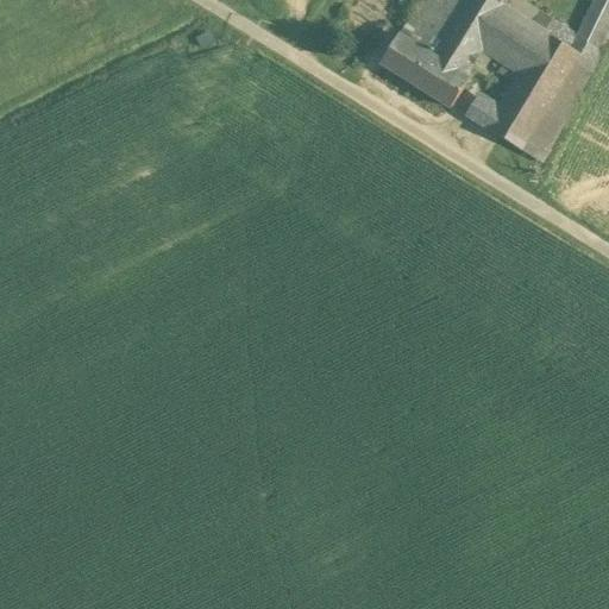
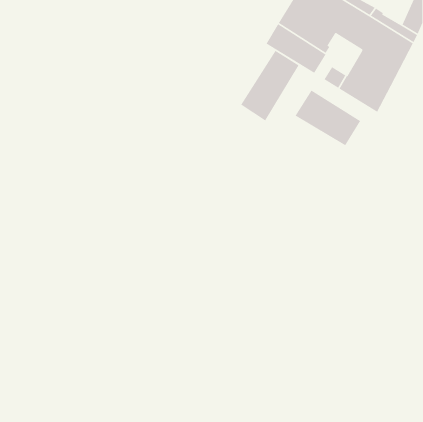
building: none -> [240,50,300,121]
building: none -> [295,89,361,147]

